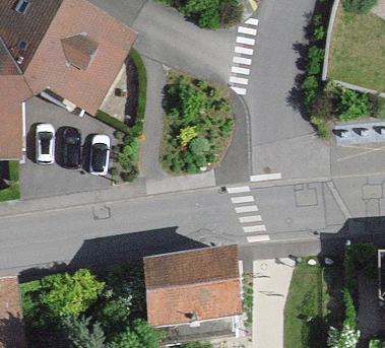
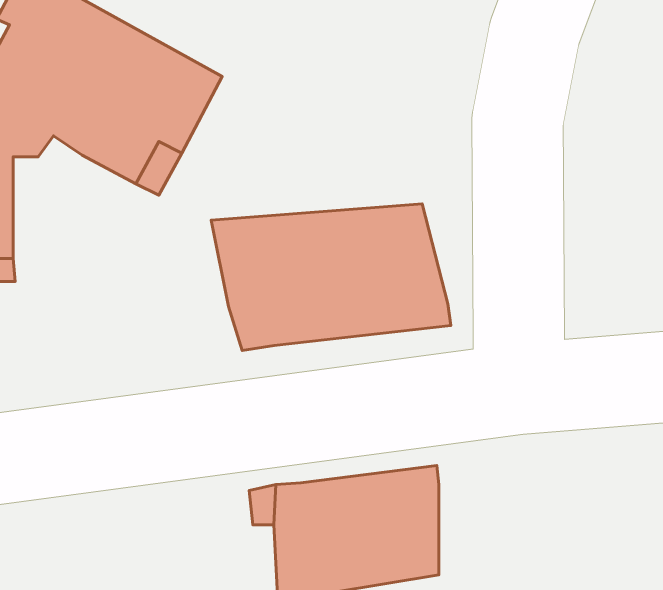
building: none -> [211,204,451,350]

